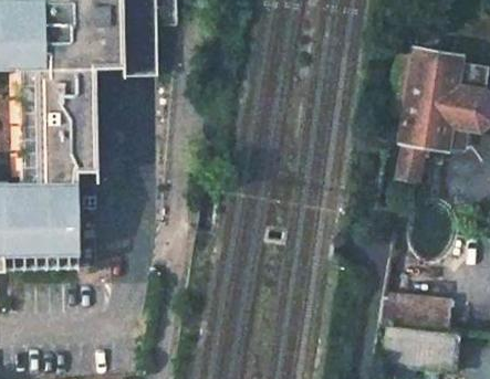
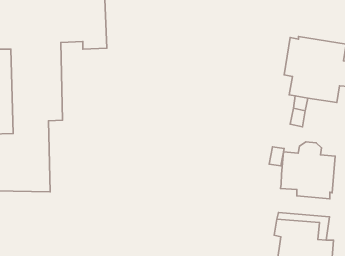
building: none -> [281,142,335,199]

